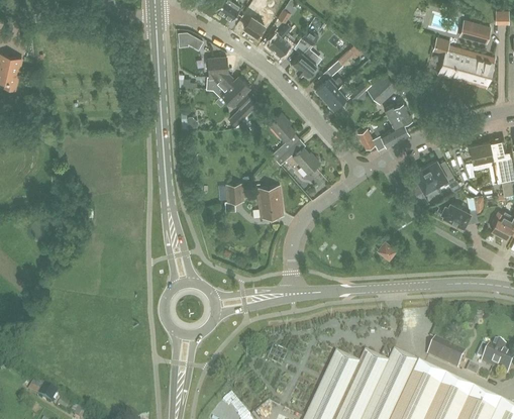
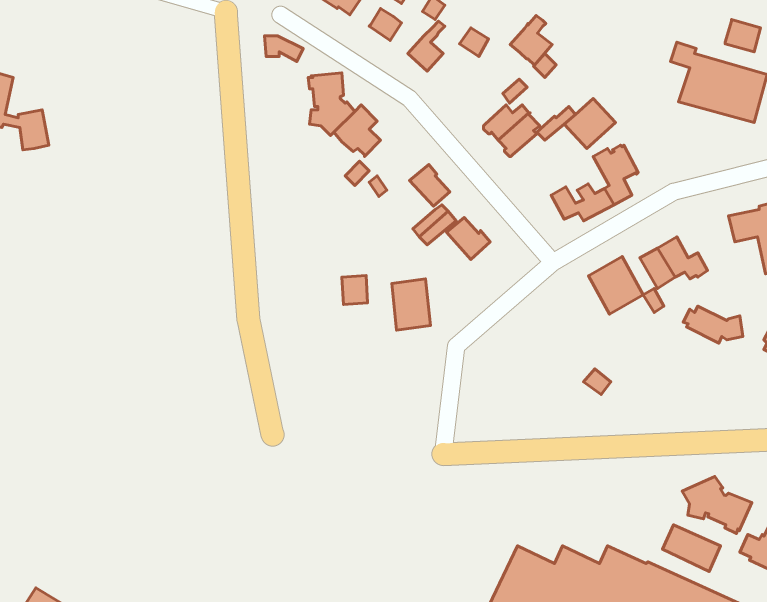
building: [290,46,316,78] -> [510,15,552,65]
building: none -> [589,256,643,314]
building: none -> [682,477,752,533]

